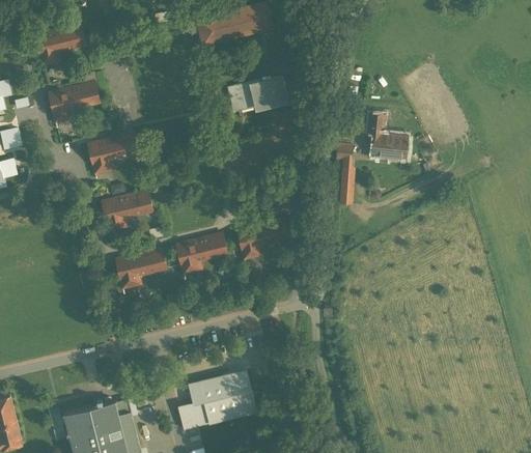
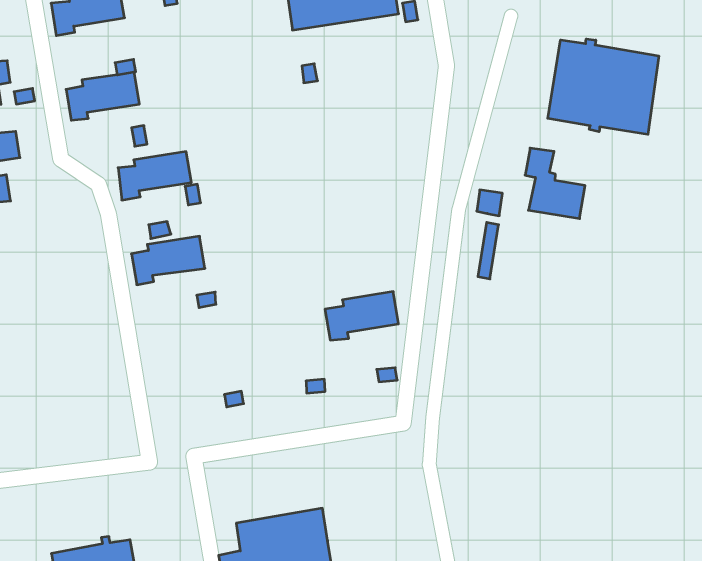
building: none -> [548,39,659,134]
building: [227,75,289,112] -> none
building: [177,233,228,271] -> none
building: [116,248,167,285] -> none

